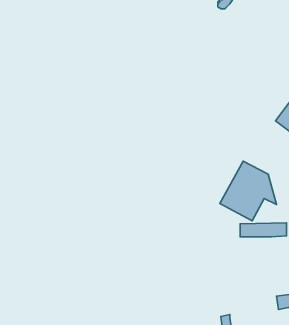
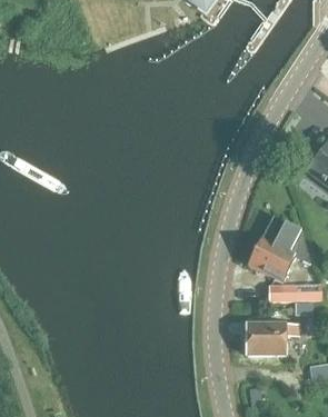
building: none -> [247,322,299,354]

